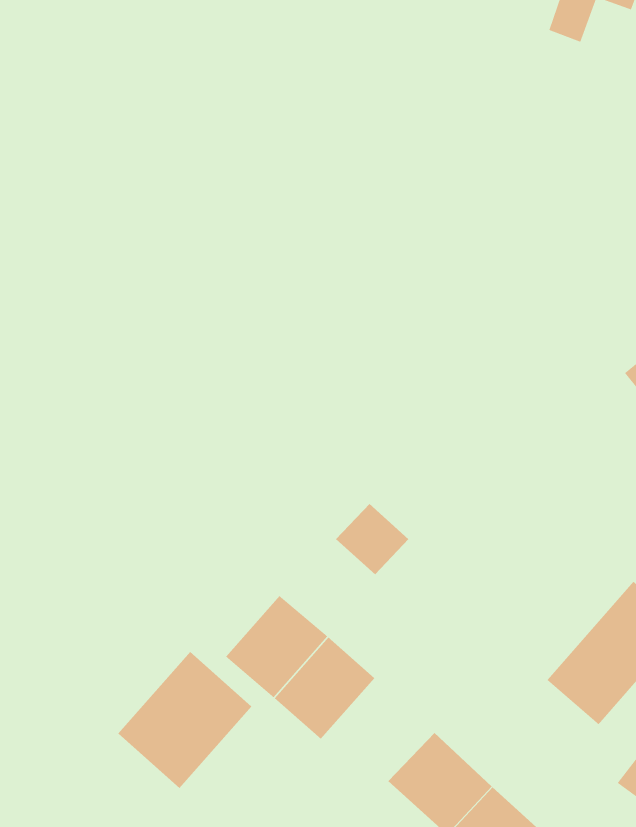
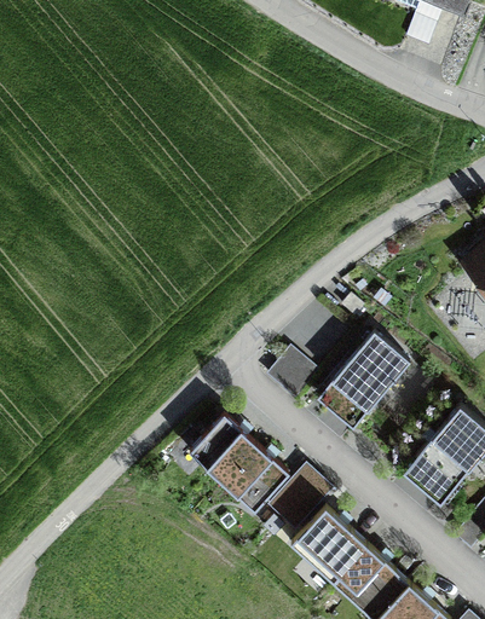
building: none -> [318,332,412,430]
building: [118,651,252,789] -> none
building: none -> [265,473,328,537]

